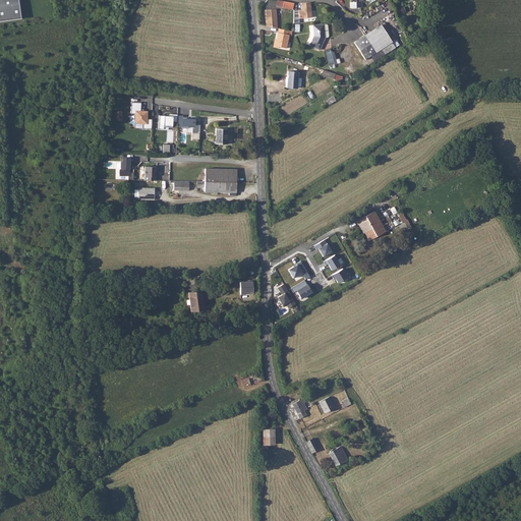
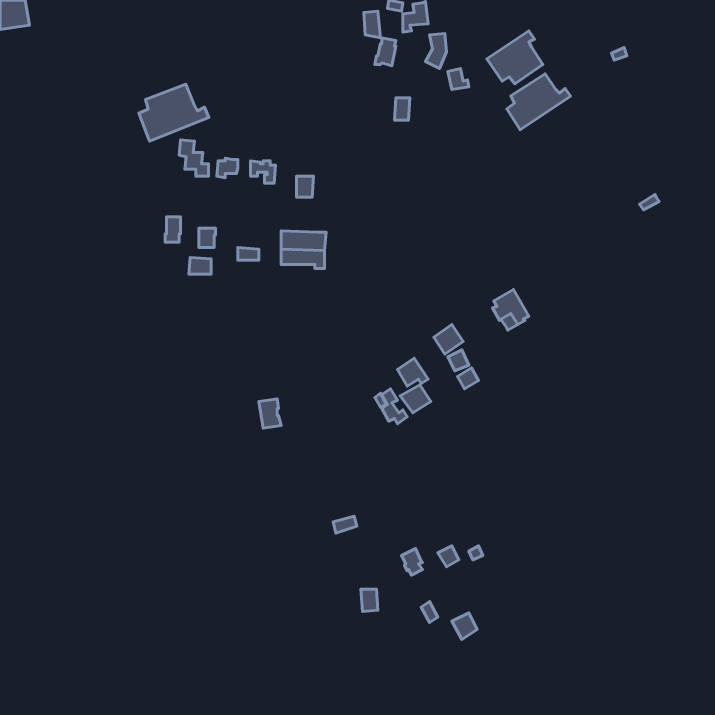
building: none -> [507,74,570,130]
building: none -> [139,84,209,141]

